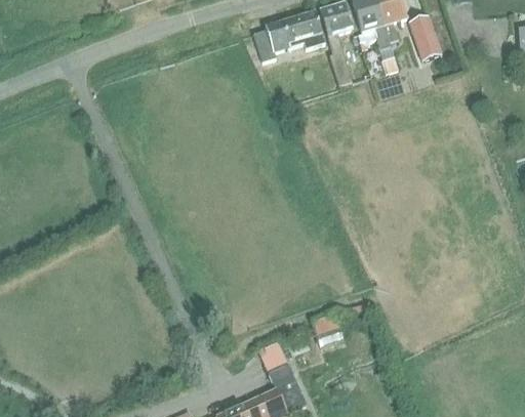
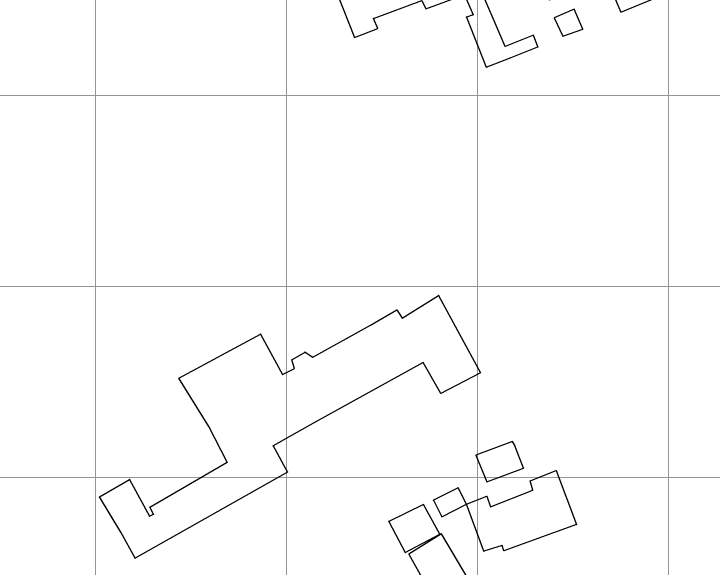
building: none -> [99,295,480,558]
building: none -> [466,471,577,551]

